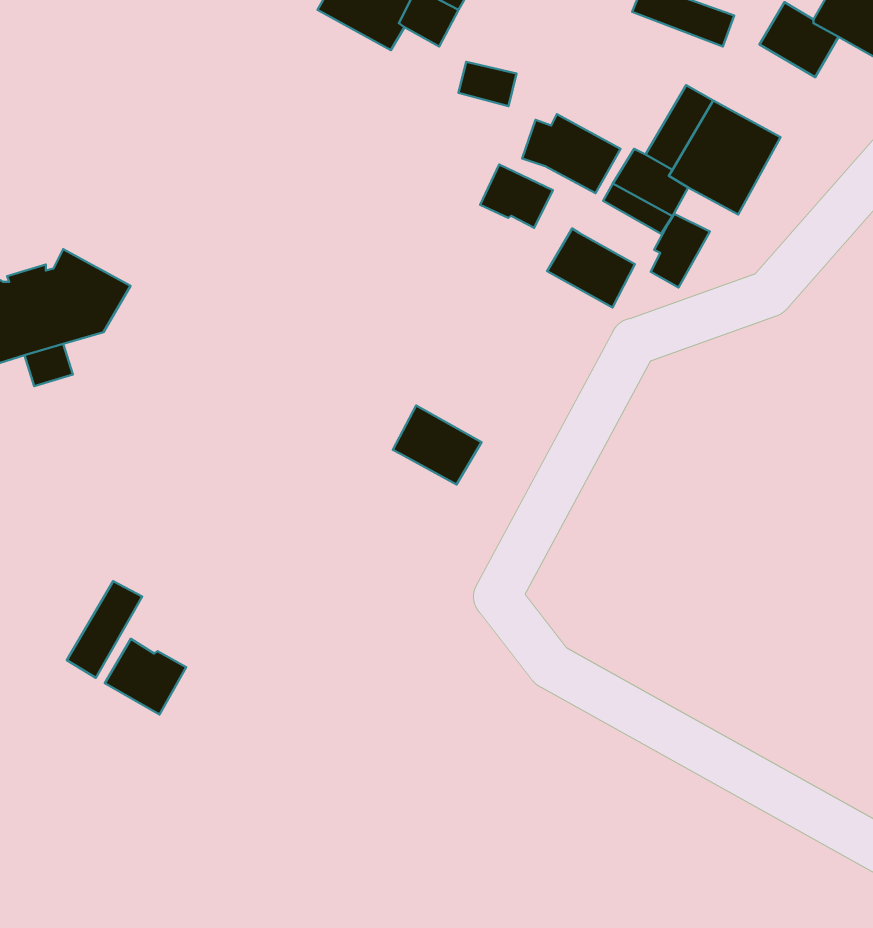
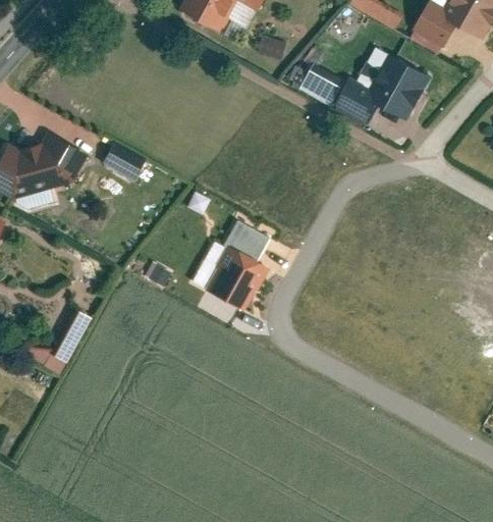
building: [480,165,553,228] -> none
building: [651,214,710,288] -> none
building: [547,229,635,307] -> none
building: none -> [103,145,144,179]
building: none -> [203,244,266,310]
building: [105,639,186,715] -> none

